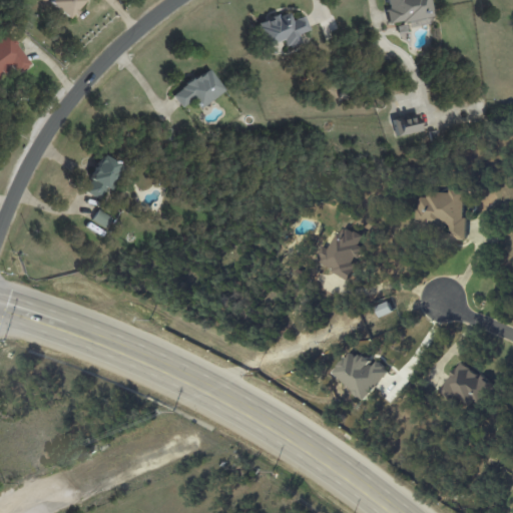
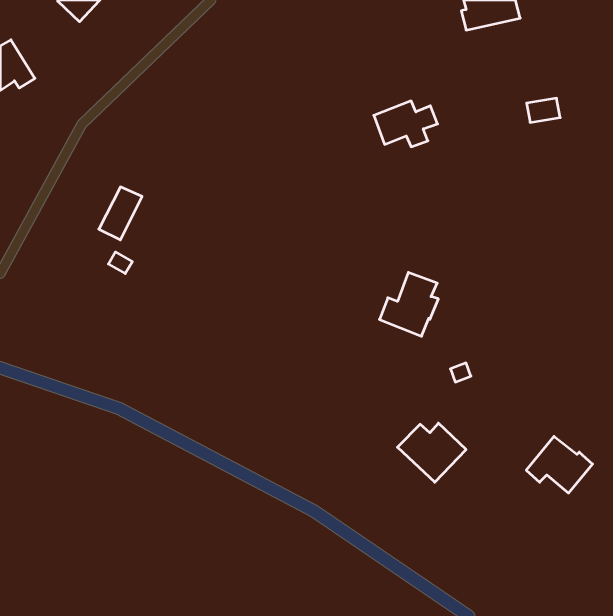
building: [258,11,311,49] -> [374,101,438,147]
building: [173,68,225,108] -> none
building: [394,115,422,135] -> [527,98,560,122]
building: [418,191,467,240] -> none

